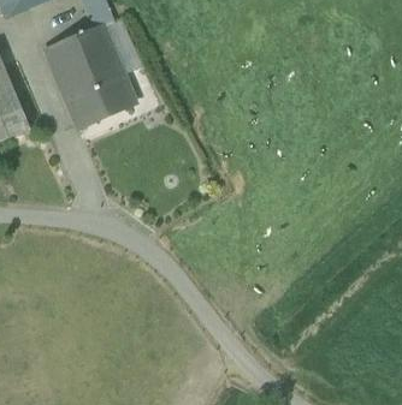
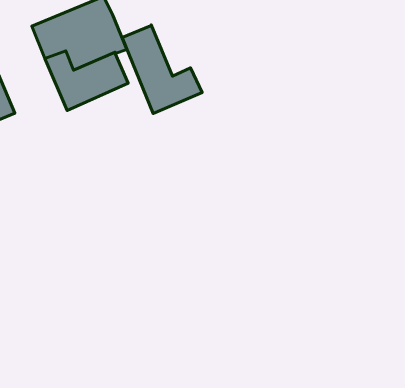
building: none -> [122,25,202,113]

